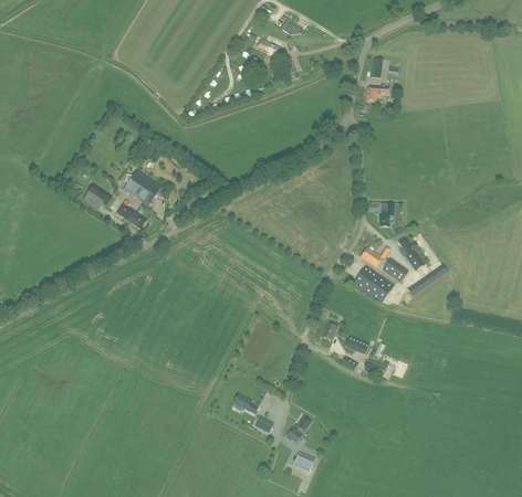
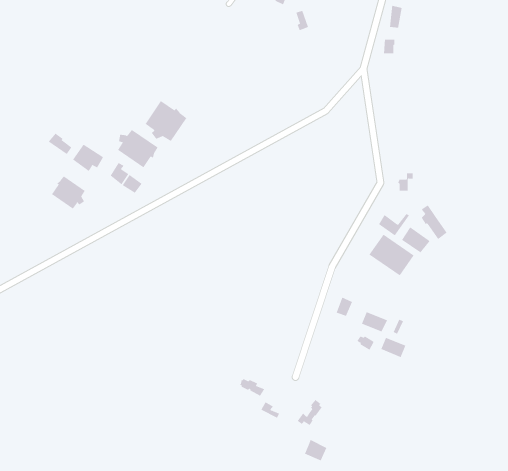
building: none -> [145,100,187,142]
building: none -> [51,175,86,210]

